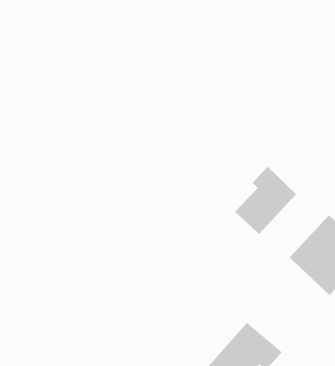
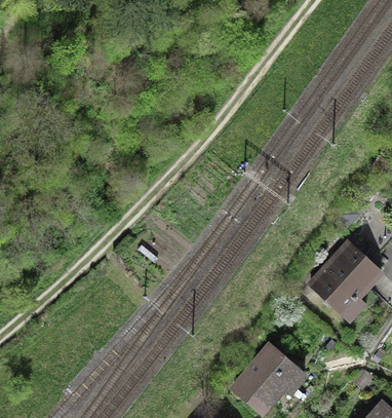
building: [234,166,297,235] -> none

